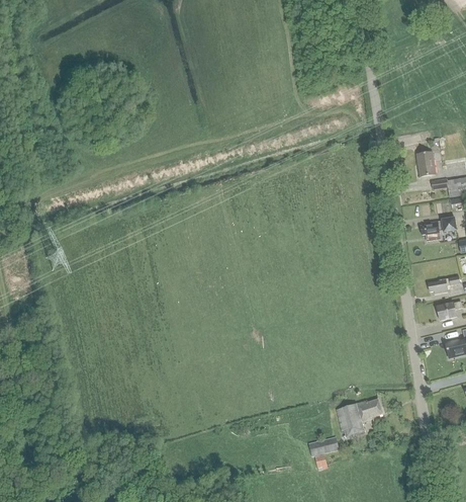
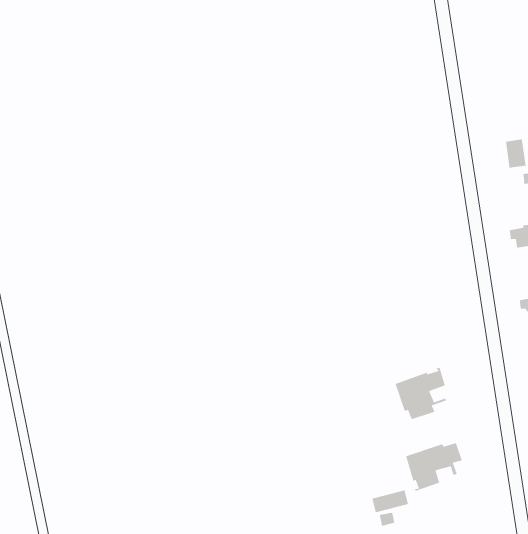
building: none -> [395,367,447,420]

